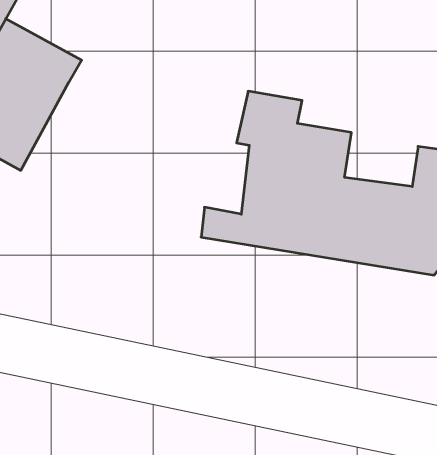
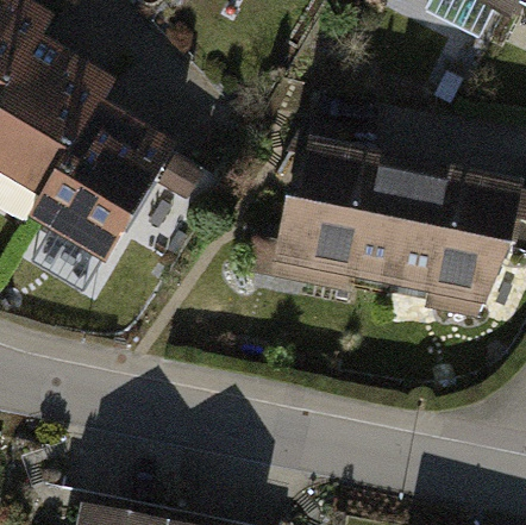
building: none -> [39,111,175,268]

